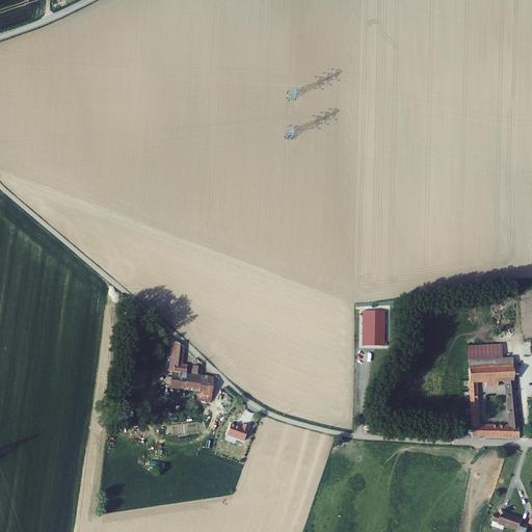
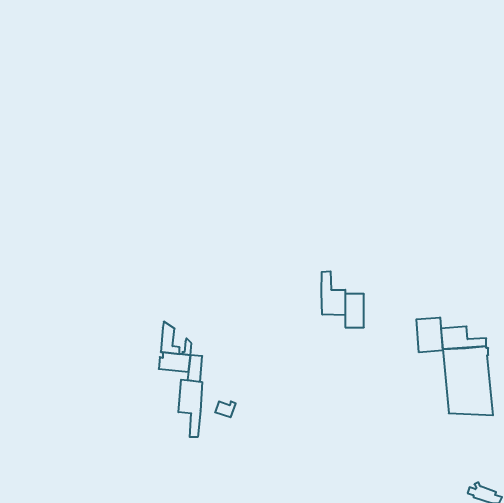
building: none -> [321,271,345,315]
building: none -> [416,317,443,352]
building: none -> [178,380,202,437]

